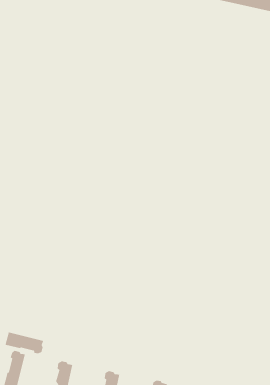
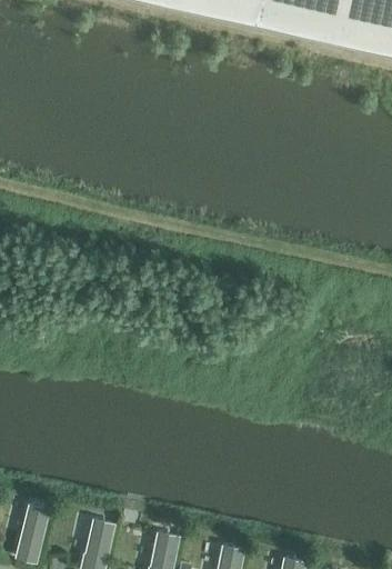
building: [5,331,44,354] -> none

